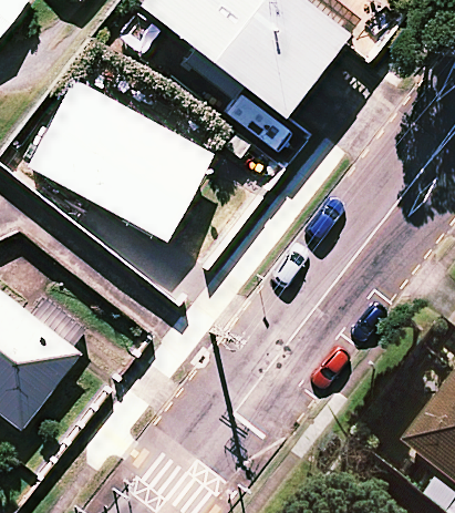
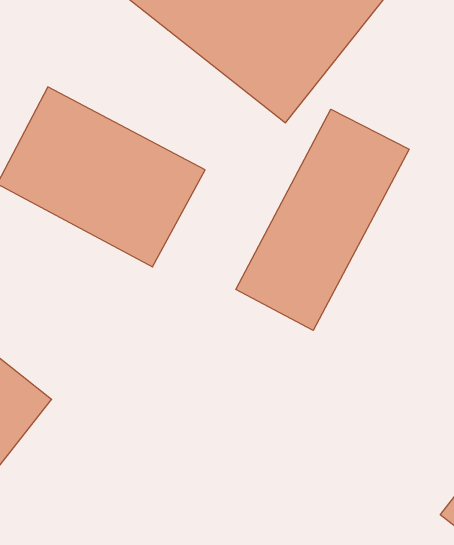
building: none -> [236,109,409,330]

